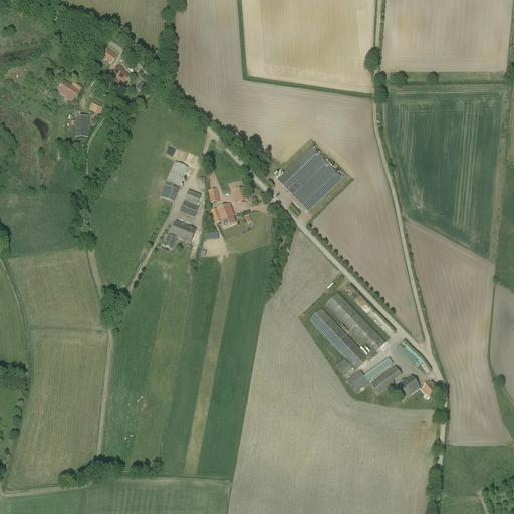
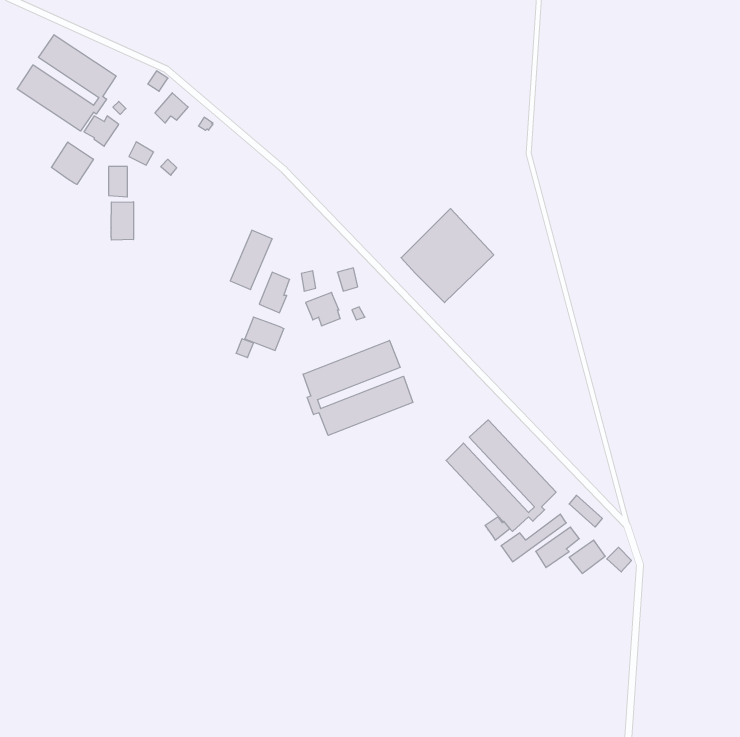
building: none -> [17,35,116,131]
building: none -> [51,142,93,184]
building: none -> [111,202,133,240]
building: none -> [303,340,413,435]

